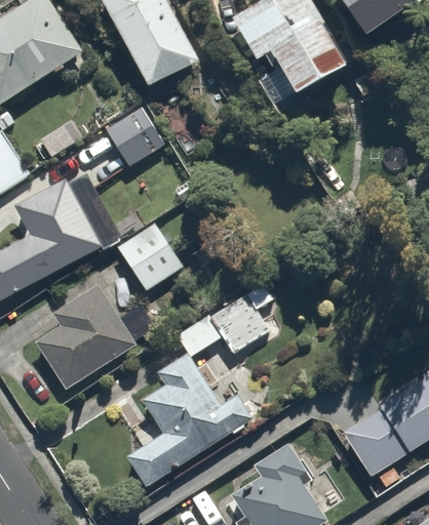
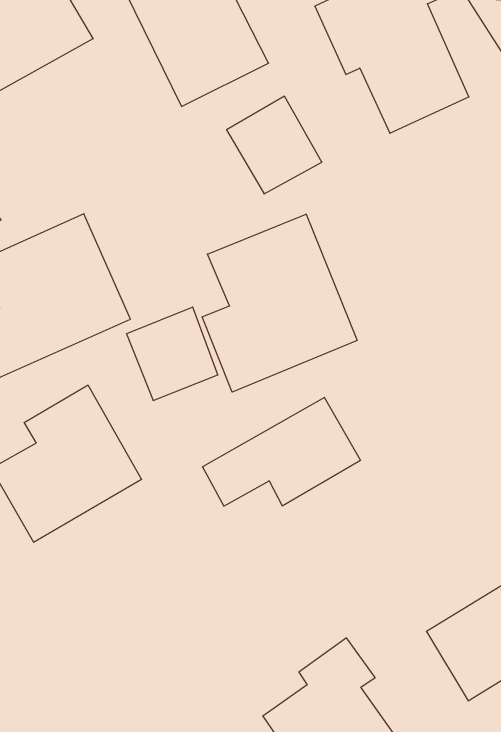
building: [103,100,169,168] -> [227,96,322,194]
building: none -> [202,214,357,392]
building: [123,349,270,489] -> none

